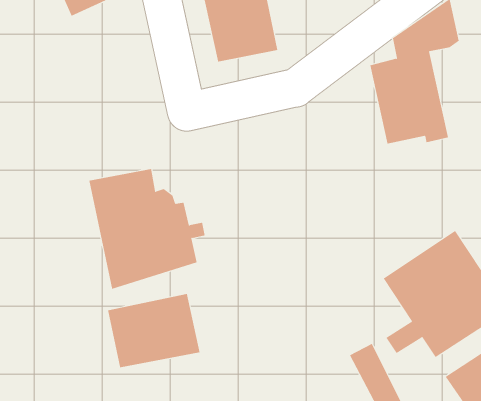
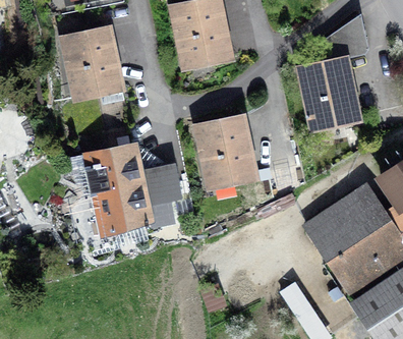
building: none -> [61,25,123,104]
building: none -> [195,114,253,184]
building: [107,293,200,368] -> none

